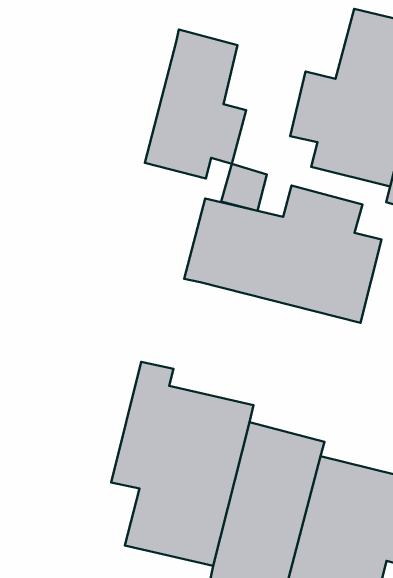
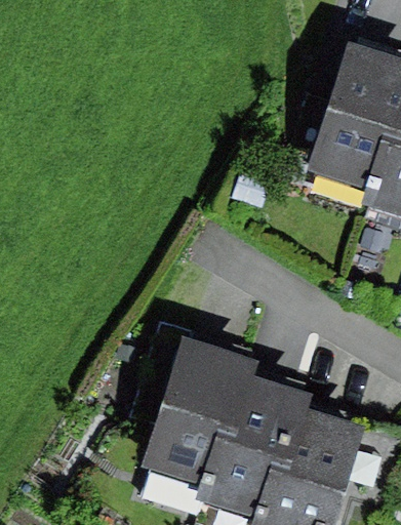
building: [145,29,246,179] -> none
building: [184,186,382,323] -> none

